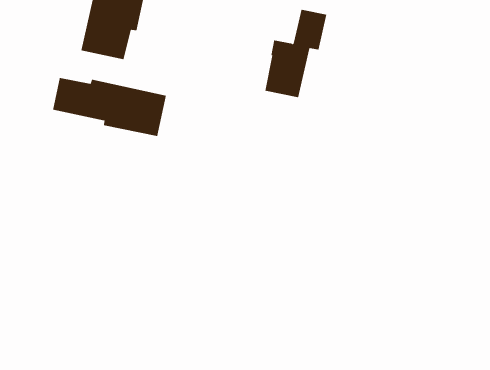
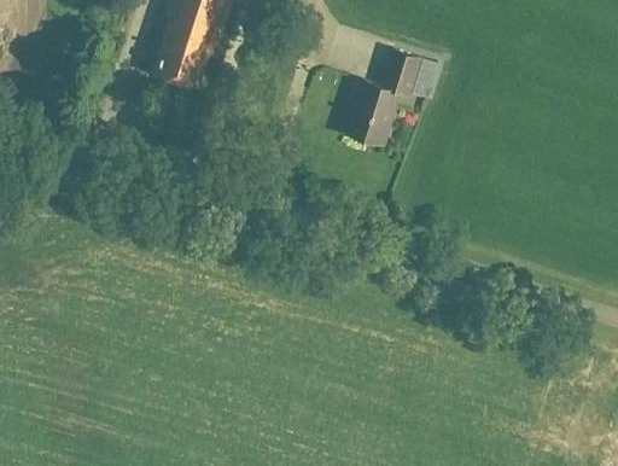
building: [53,77,166,137] -> none

